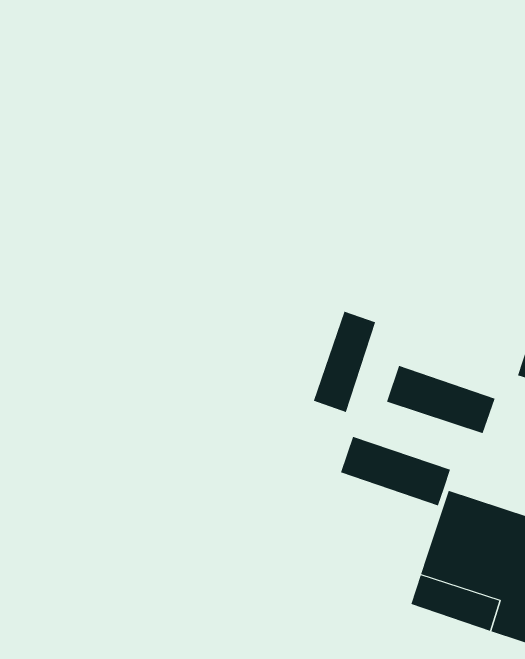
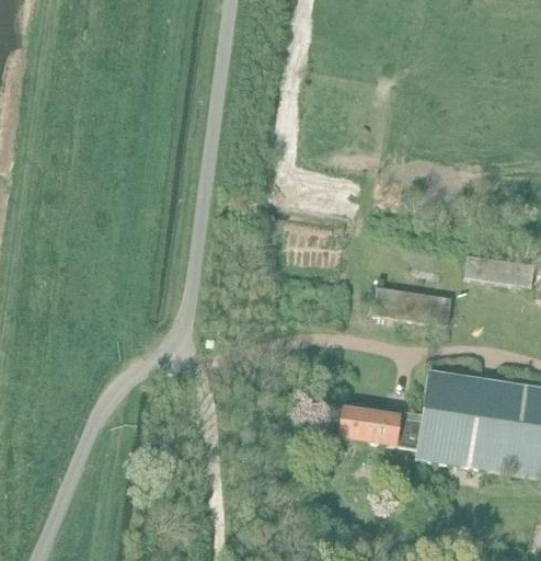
building: [313,311,376,413] -> none
building: [340,436,451,506] -> [341,410,422,450]

